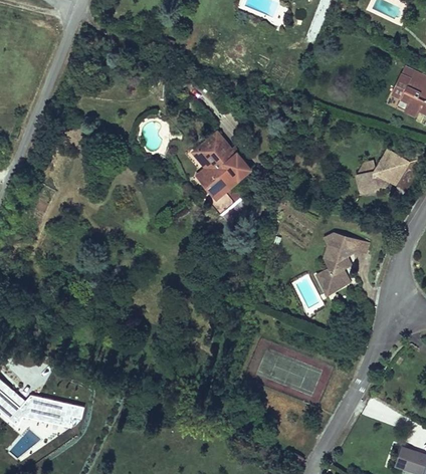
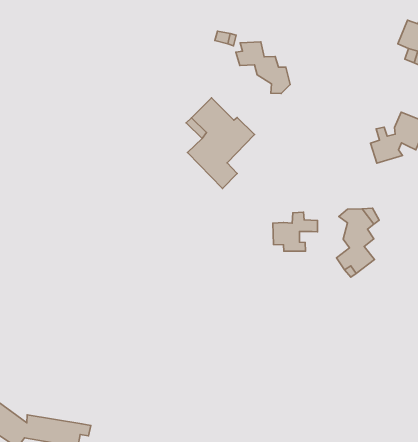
building: none -> [236,42,290,93]
building: none -> [273,212,318,251]

